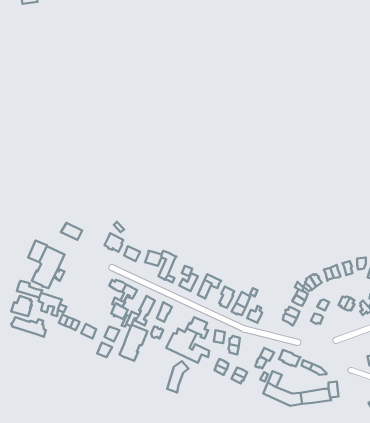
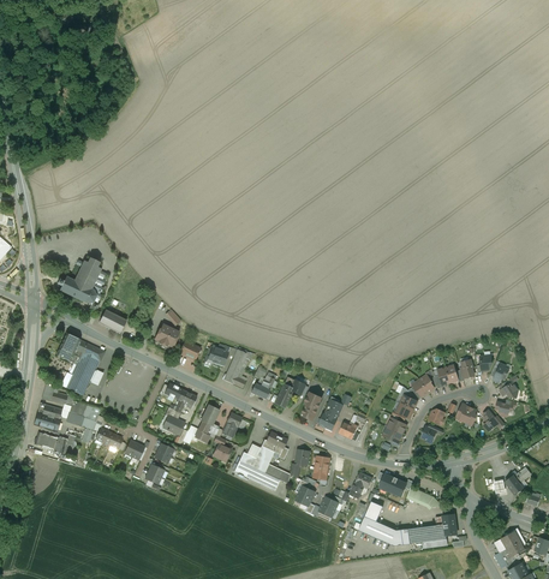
building: none -> [56,258,106,312]
building: [120,325,148,361] -> none
building: [167,361,188,393] -> none

